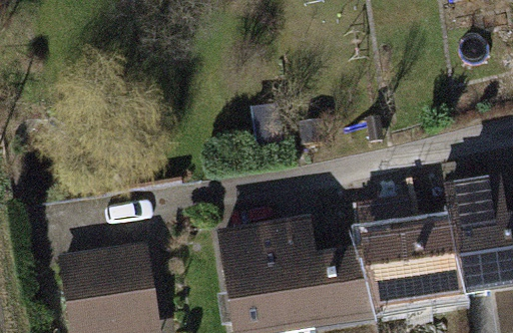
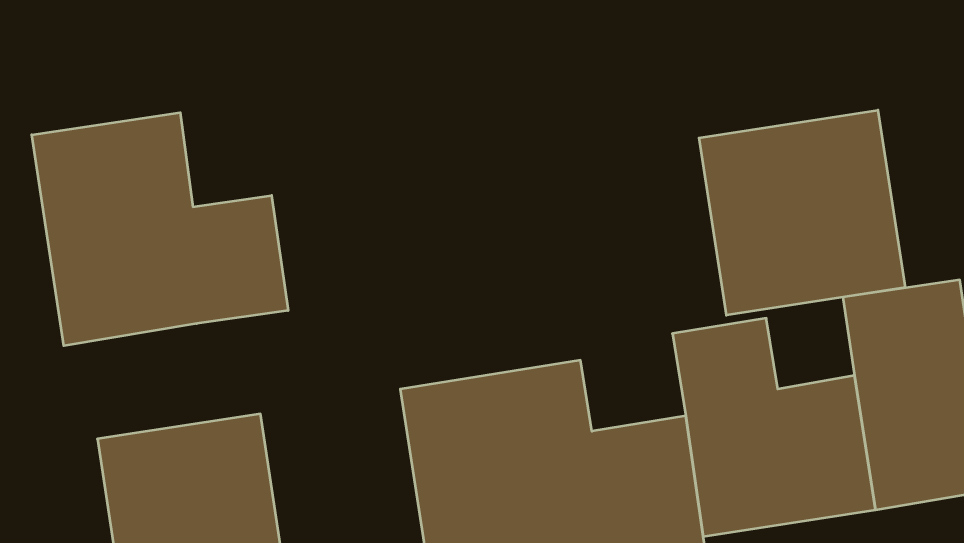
building: none -> [699,110,905,315]
building: none -> [32,113,288,346]

